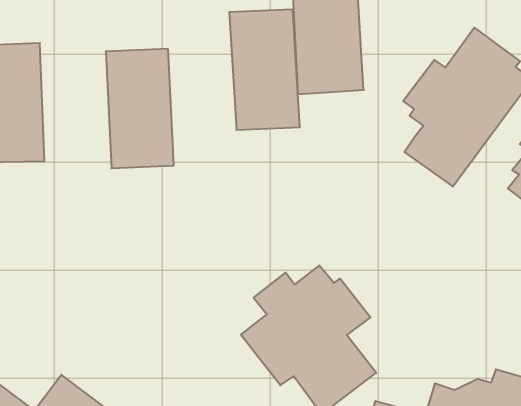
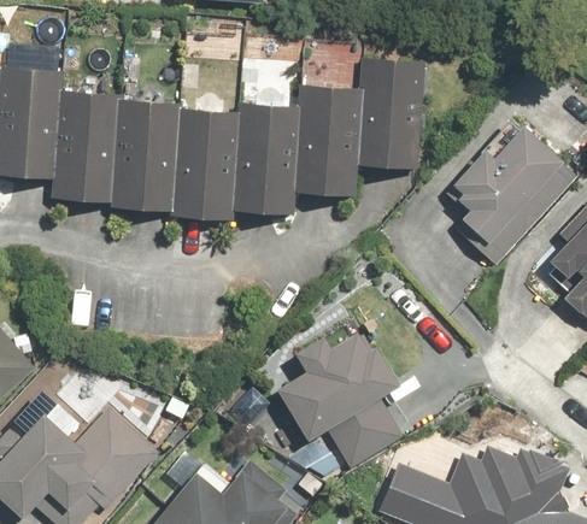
building: none -> [234,101,299,214]
building: none -> [111,96,180,211]

